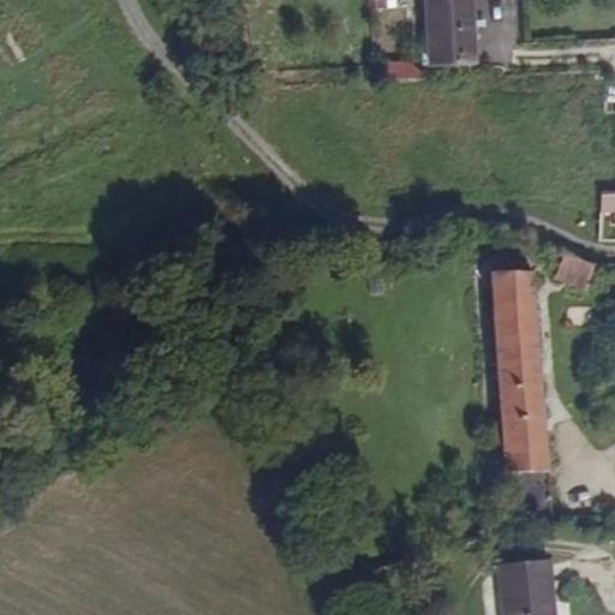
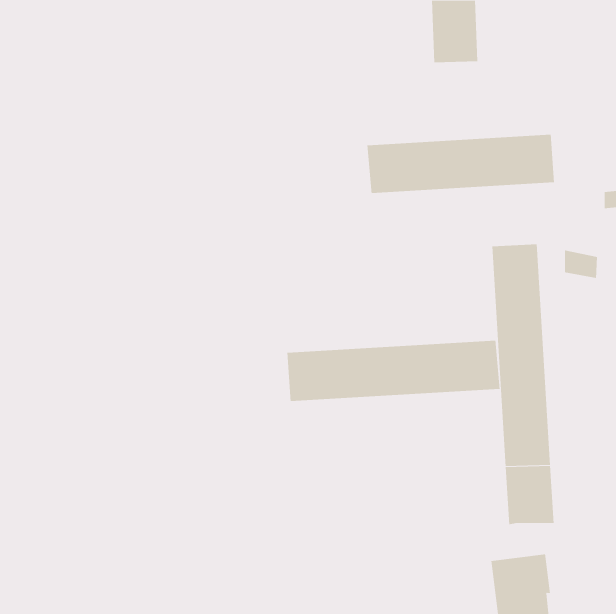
building: none -> [367,134,555,194]
building: none -> [287,340,500,402]

